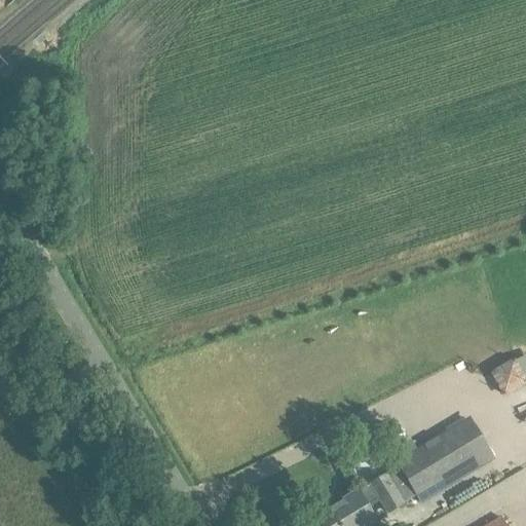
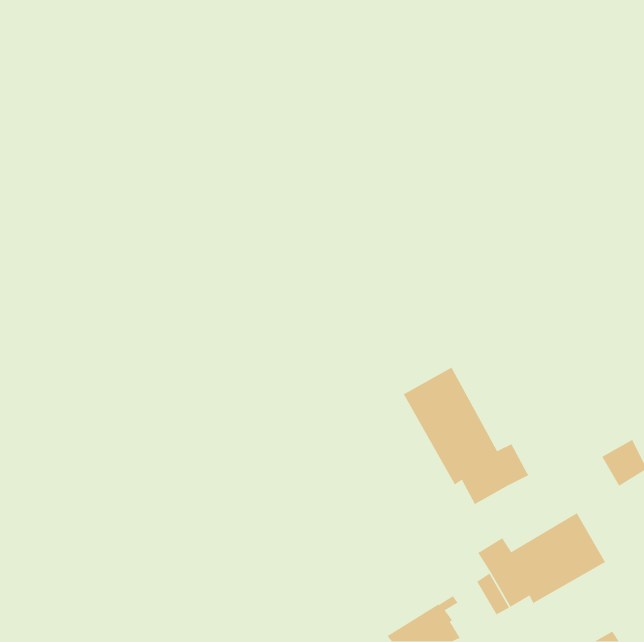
building: none -> [403,367,530,505]
building: [369,472,407,515] -> none

